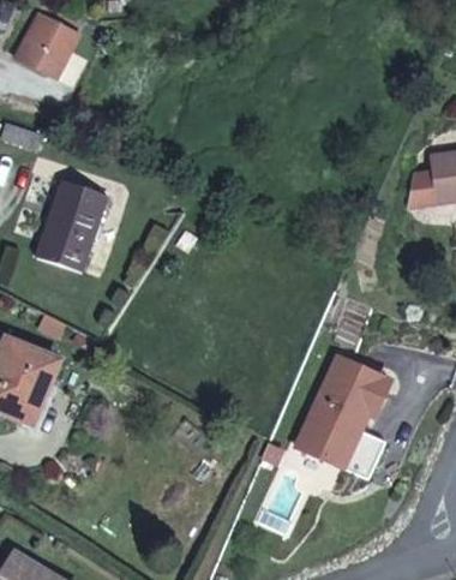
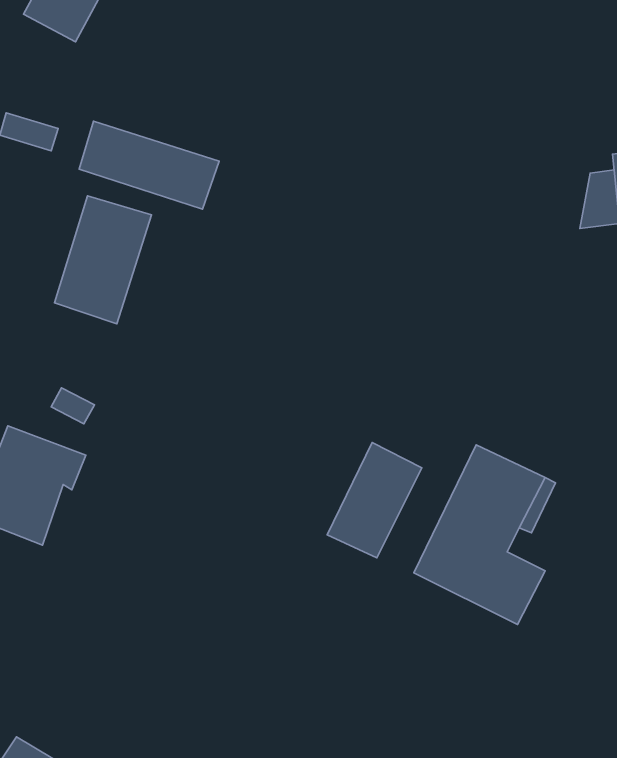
building: none -> [79,121,219,209]
building: none -> [327,442,422,558]

